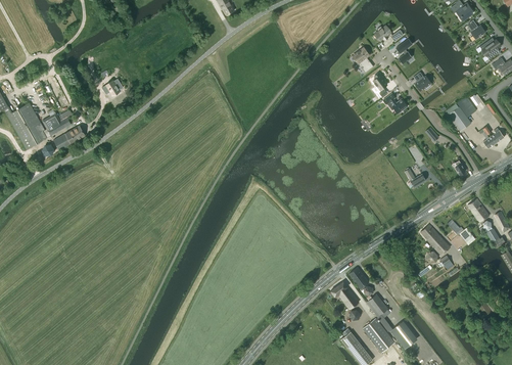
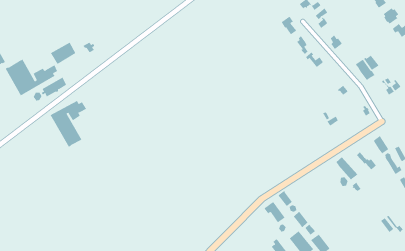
building: none -> [50,42,76,65]
building: none -> [50,100,87,148]

